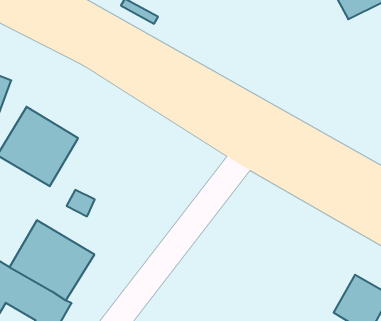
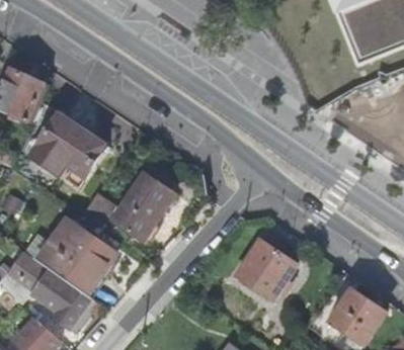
building: none -> [112,172,175,241]
building: none -> [237,240,297,301]

